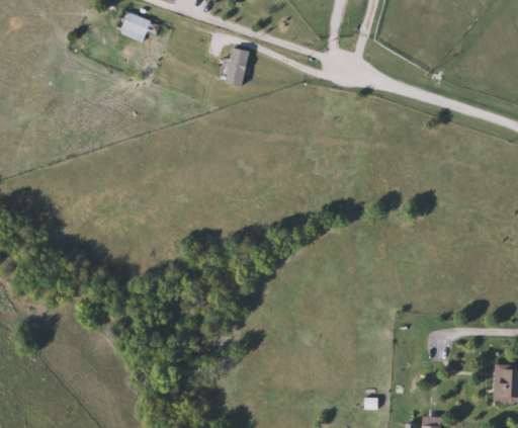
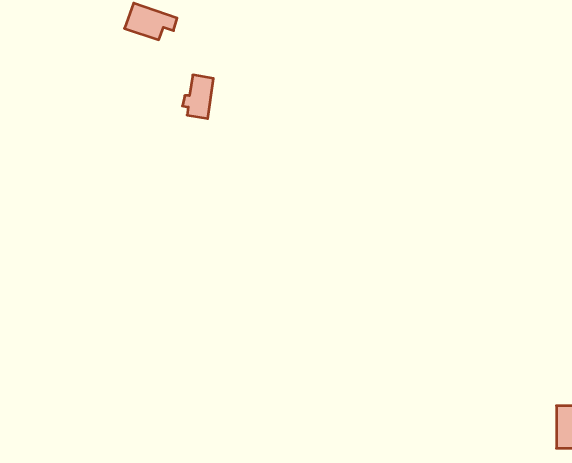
building: [222,48,249,86] -> [182,75,213,119]

